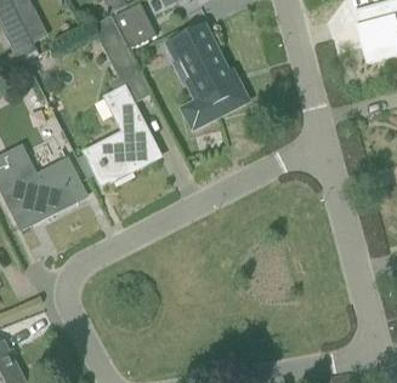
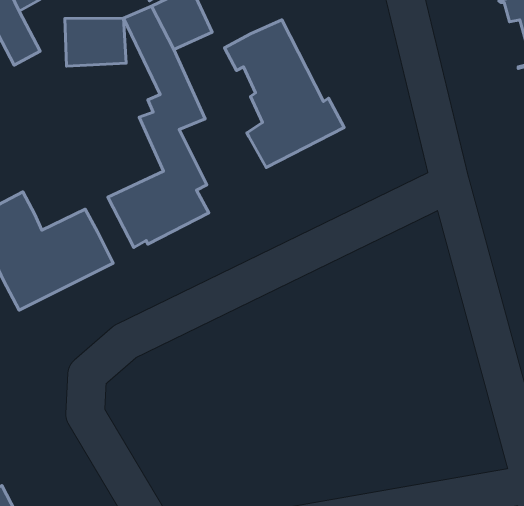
building: none -> [65,18,126,66]

